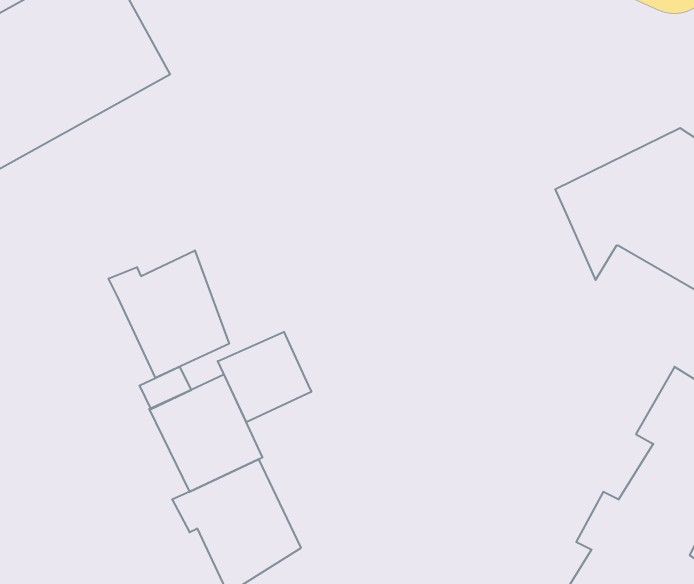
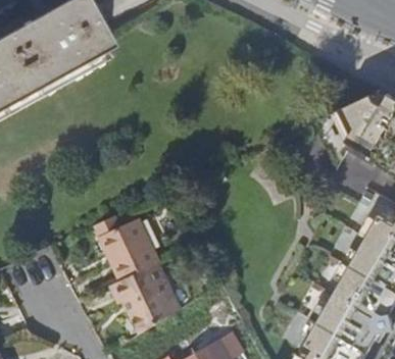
building: [109,250,229,378] -> none
building: [218,332,311,422] -> none

